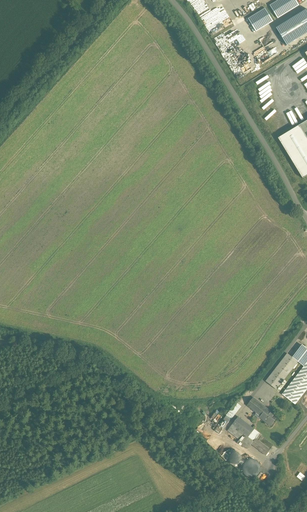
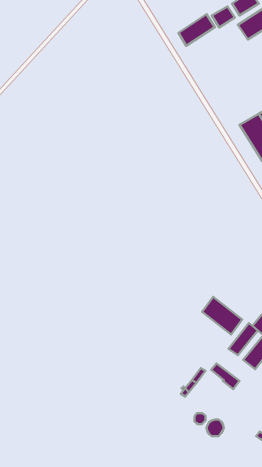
building: none -> [179,14,215,46]
building: none -> [202,297,242,335]
building: [227,416,259,446] -> none

